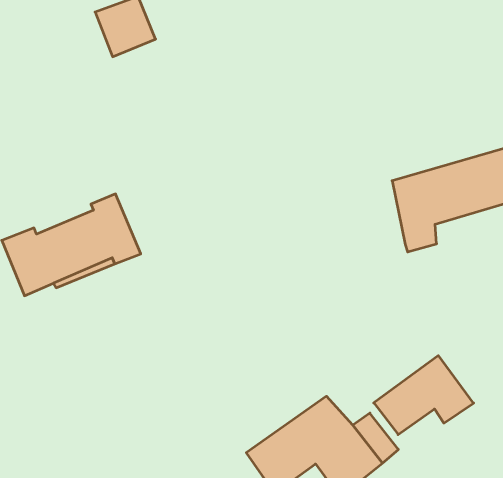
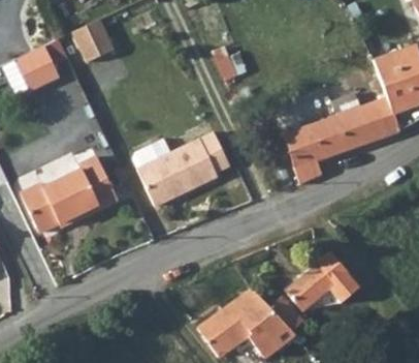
building: none -> [14,37,65,91]
building: none -> [131,128,247,209]

